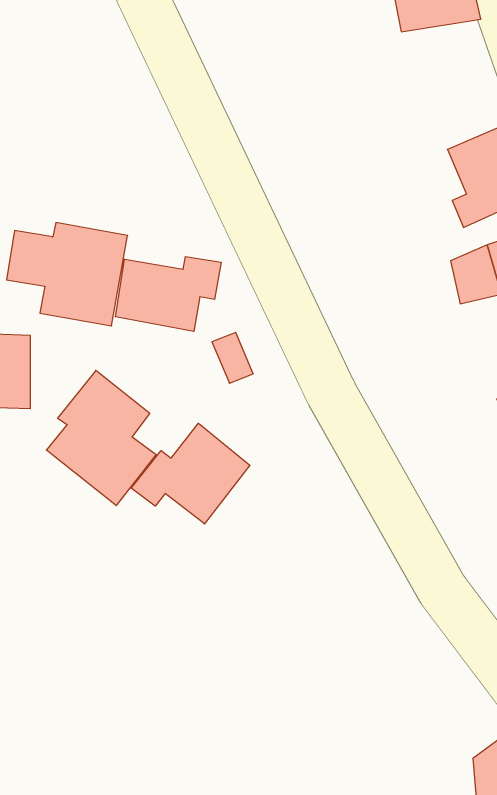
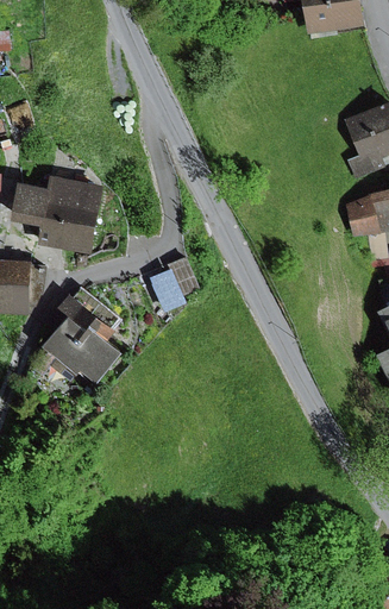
building: [115,257,221,331] -> none
building: [131,423,250,524] -> none

